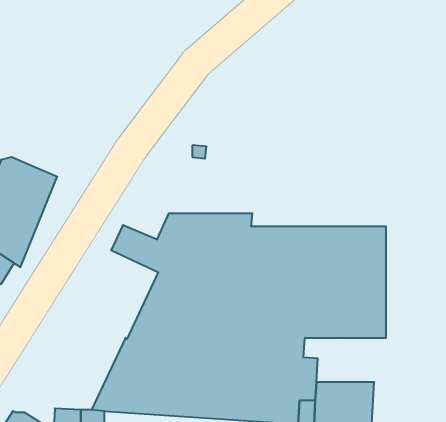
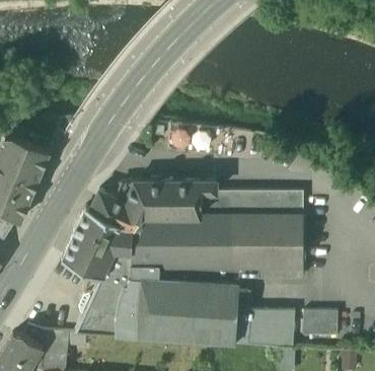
building: none -> [62,207,127,278]
building: none -> [303,311,338,336]

